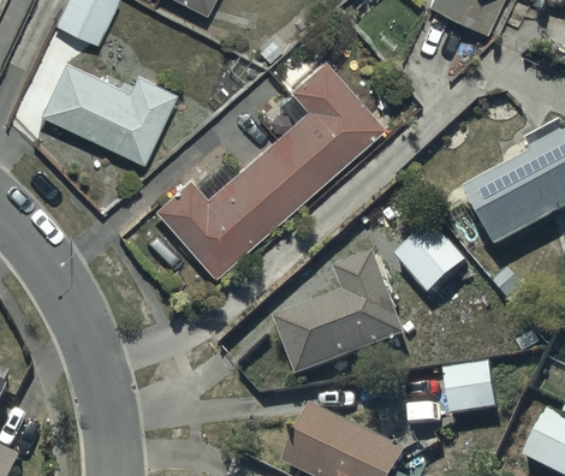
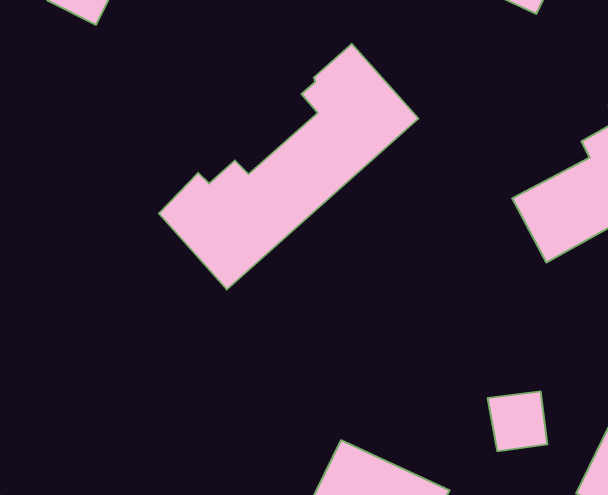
building: [41,61,177,162] -> none
building: [398,226,471,299] -> none
building: [279,258,411,382] -> none

